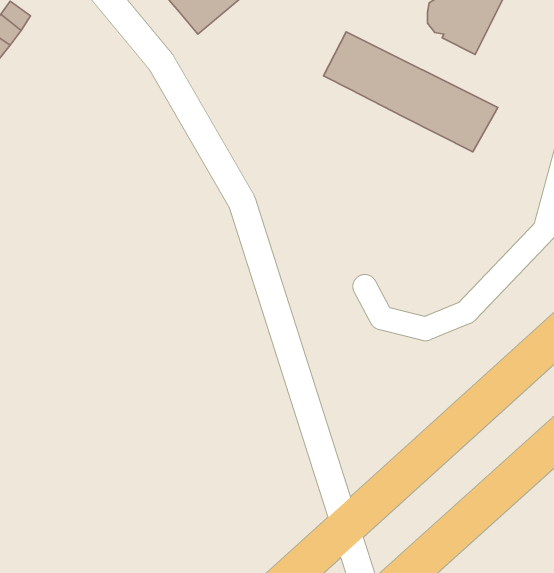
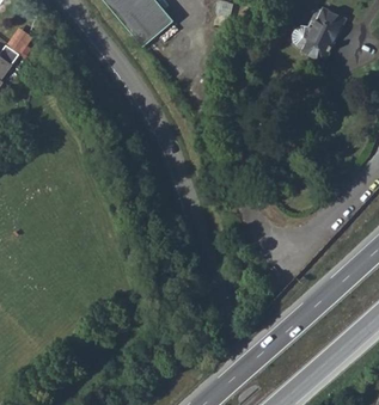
building: [323,32,498,152] -> none

